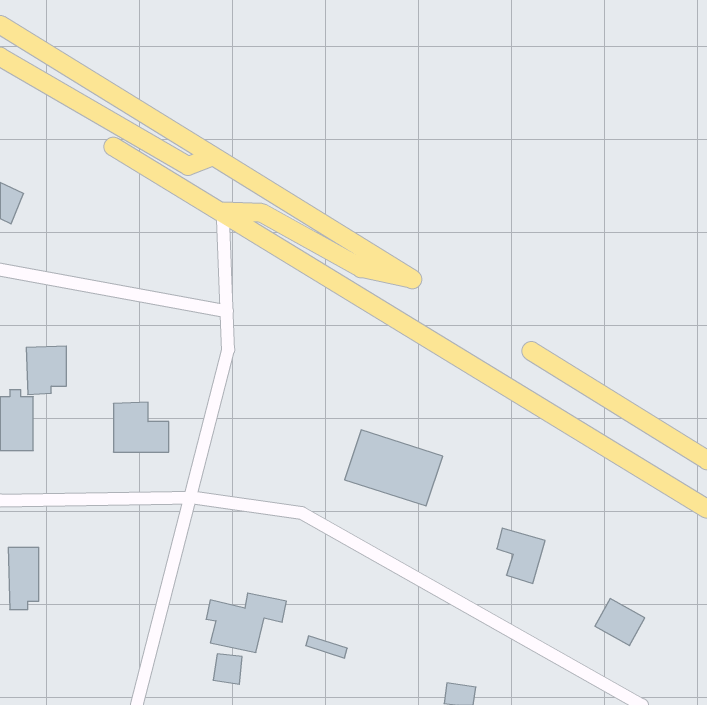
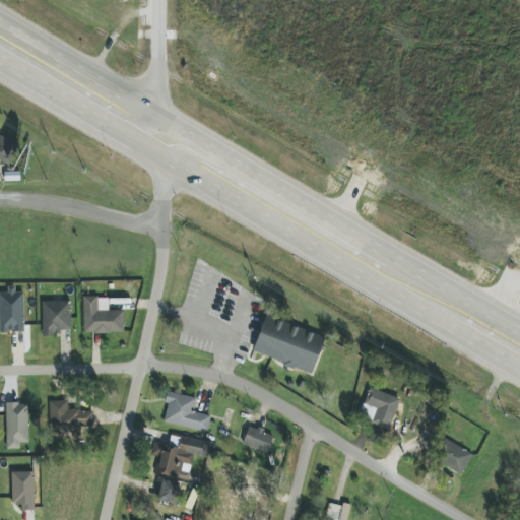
building: [26,346,66,394] -> [42,300,71,335]
building: none -> [162,391,210,432]
building: none -> [50,400,93,434]
building: none -> [243,425,273,452]
building: none -> [12,471,35,510]

